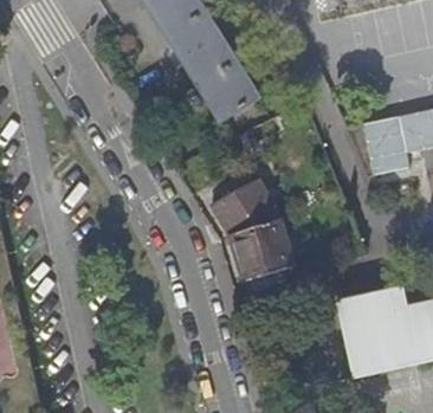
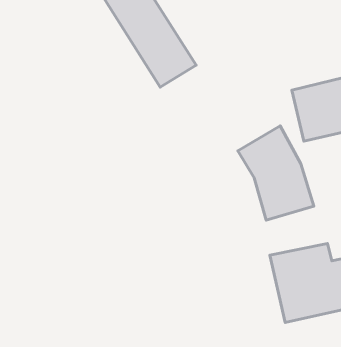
building: [209,176,292,279] -> [238,126,314,220]

